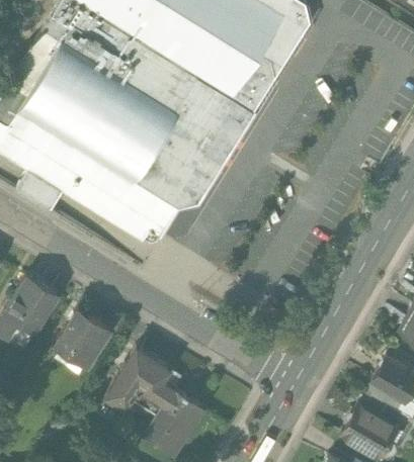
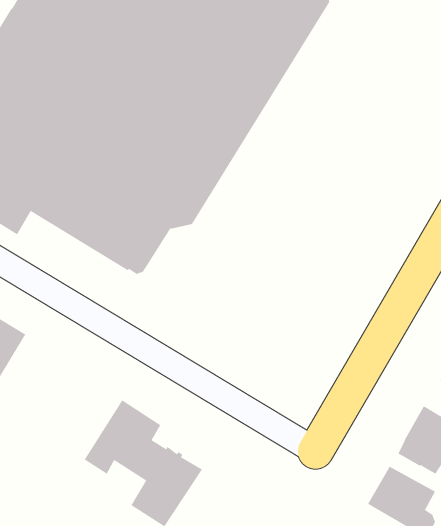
building: [57,308,112,367] -> none

